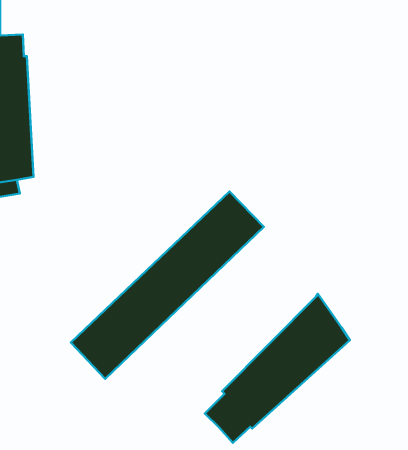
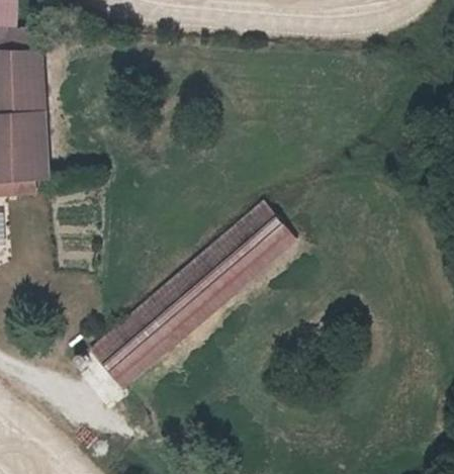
building: [205,294,350,443] -> none

